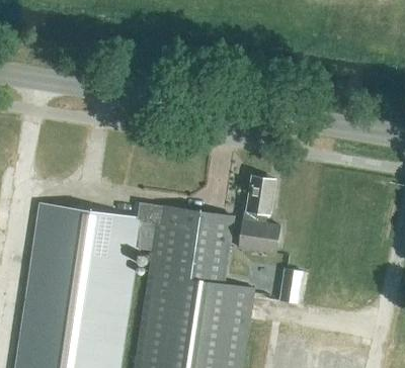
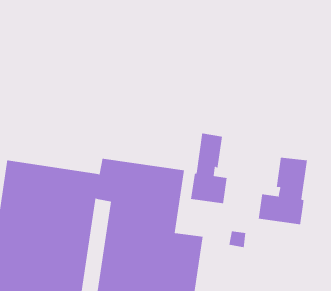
building: none -> [258,157,308,225]

